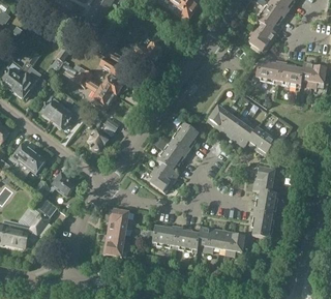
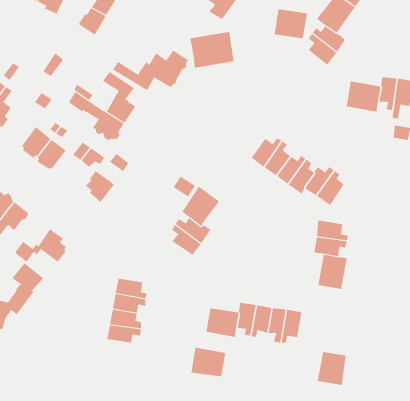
building: none -> [190,31,234,68]
building: [255,60,280,82] -> [274,9,308,39]
building: [170,121,199,151] -> none
building: [252,212,274,237] -> [317,351,347,385]
building: [152,225,178,246] -> [191,347,226,377]

